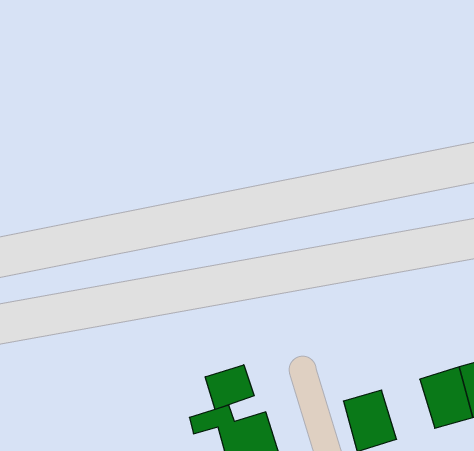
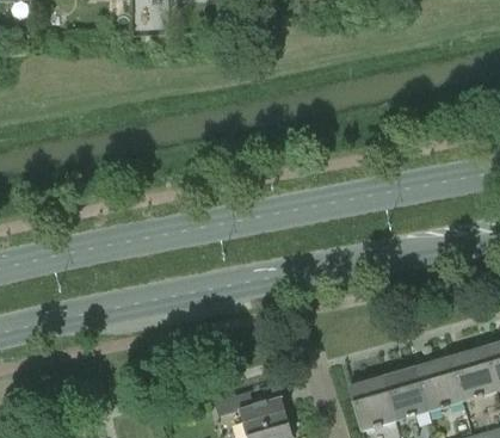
building: [205,365,254,409] -> none
building: none -> [382,368,428,420]

